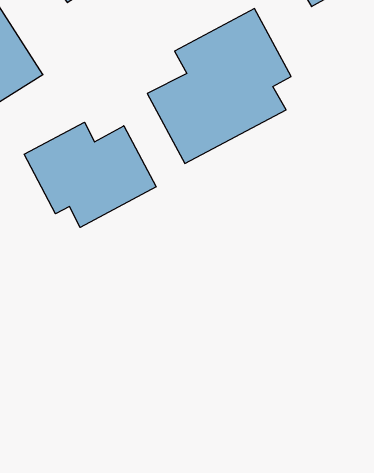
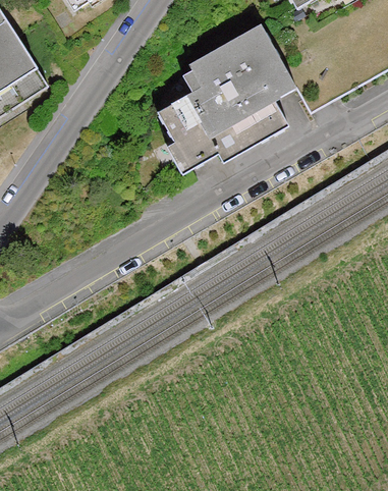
building: [24,122,156,227] -> none

